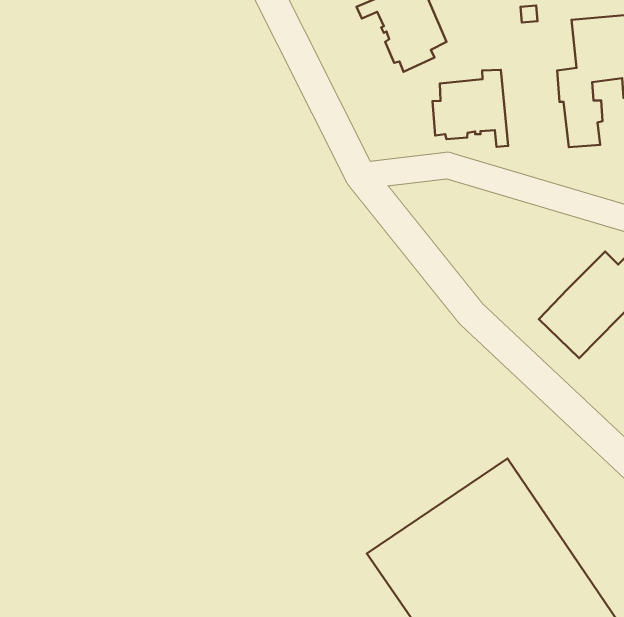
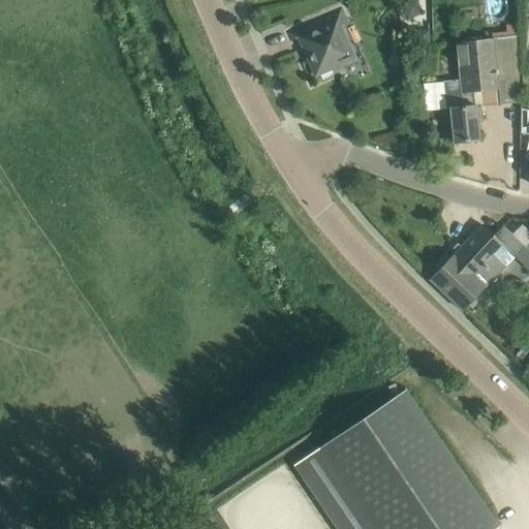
building: [433,70,508,147] -> none

